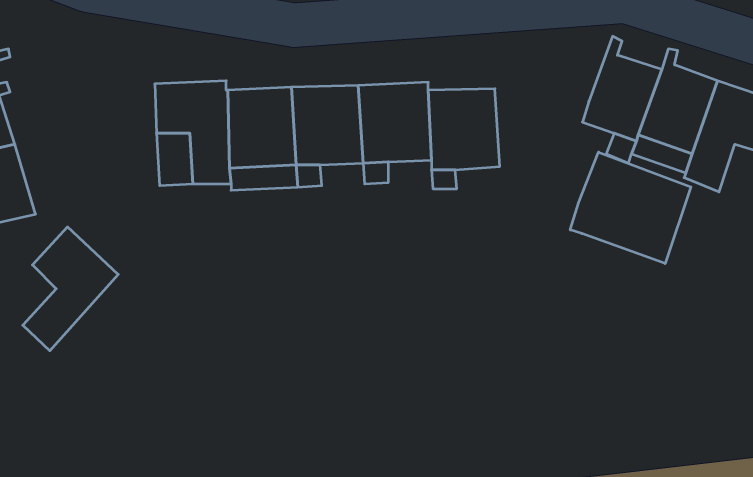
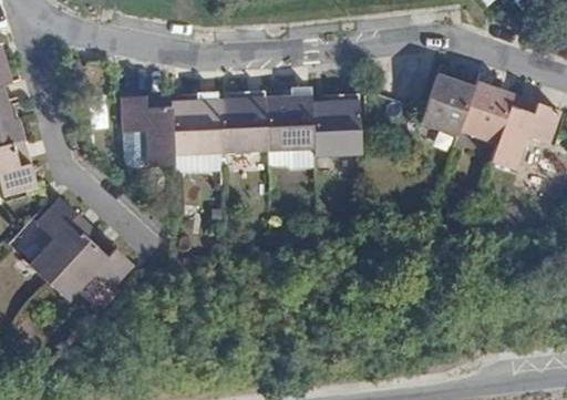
building: [570,152,691,264] -> none
building: none -> [49,229,134,300]

